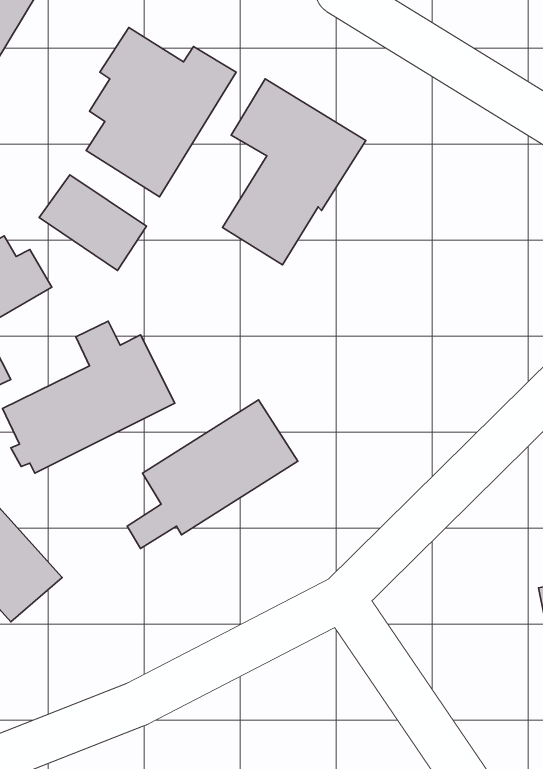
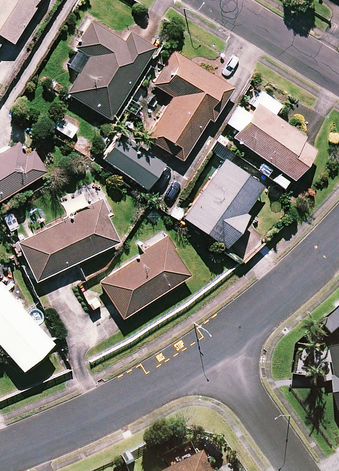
building: none -> [228,93,317,190]
building: [39,175,147,270] -> [101,133,164,189]
building: none -> [185,159,264,247]

